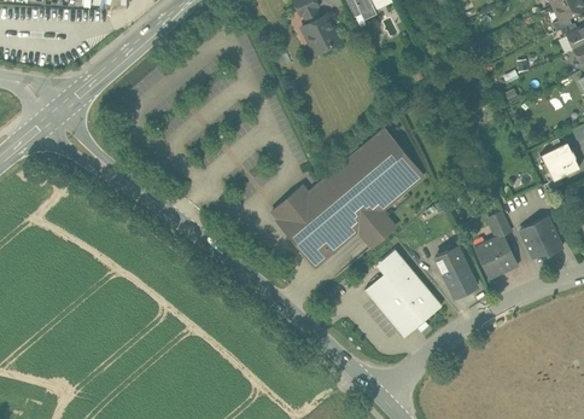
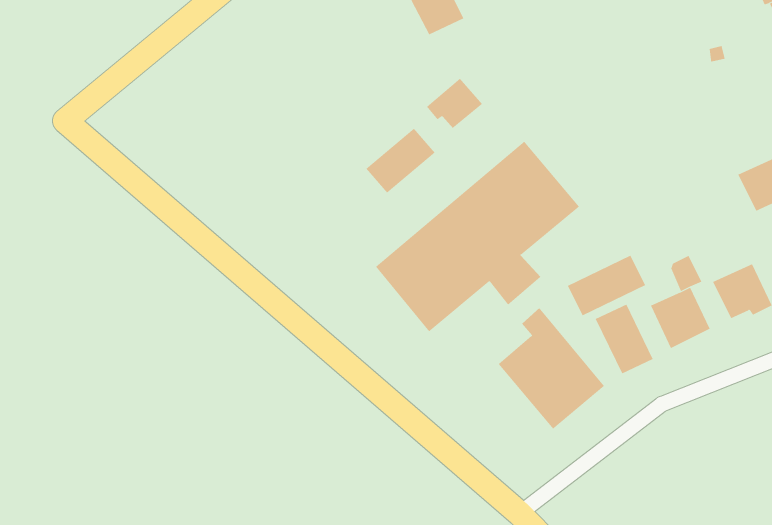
building: none -> [426,78,483,129]
building: none -> [366,128,435,193]
building: none -> [567,255,646,316]

